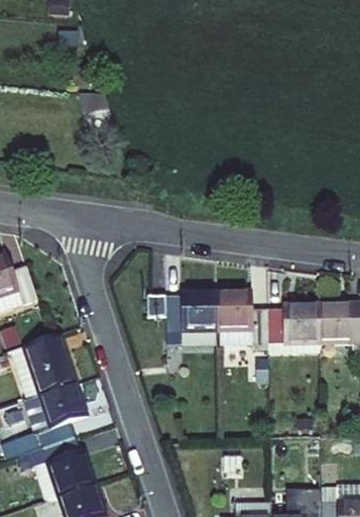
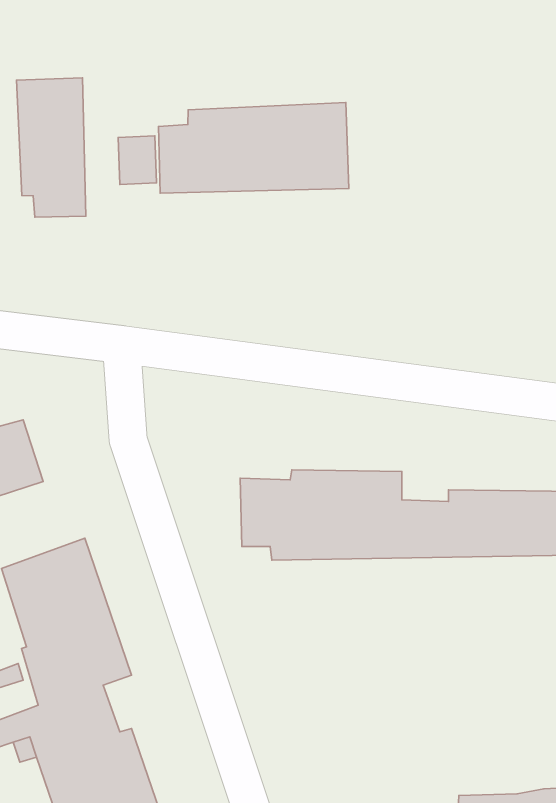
building: none -> [17,78,86,217]
building: none -> [159,103,349,193]

